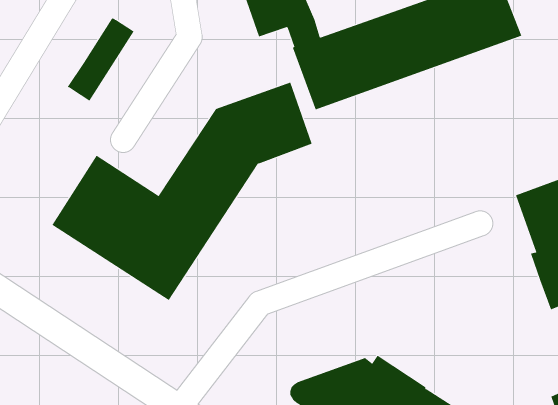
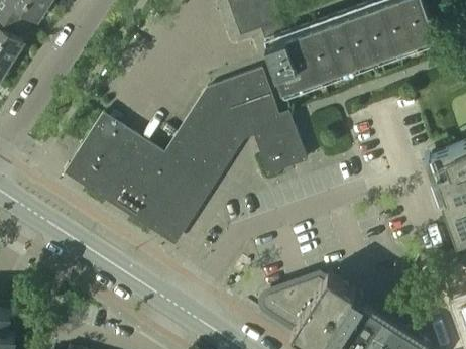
building: [67,18,134,102] -> [68,115,118,178]
building: none -> [256,129,307,176]

